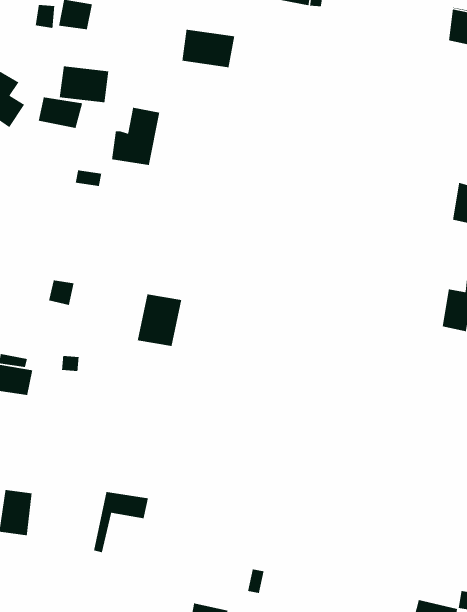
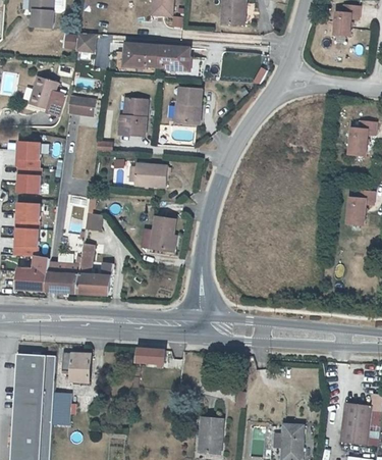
building: [59,65,109,103] -> [131,41,163,63]
building: none -> [179,86,208,122]
building: none -> [137,166,169,192]
building: none -> [79,242,114,293]

